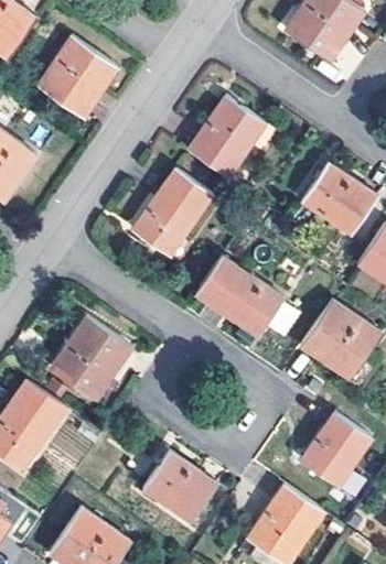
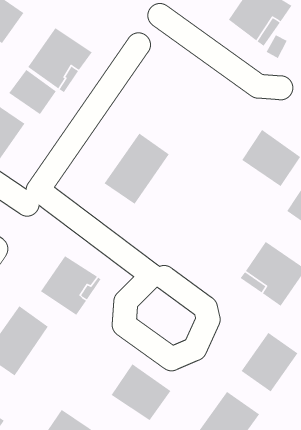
building: none -> [8,69,57,115]
building: [189,96,266,177] -> none
building: [196,256,283,336] -> none

